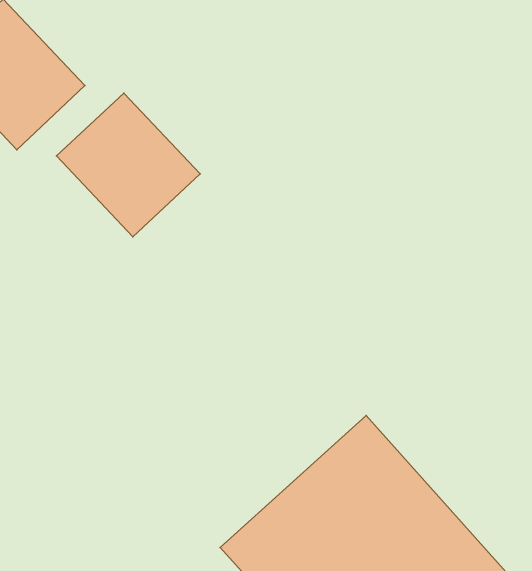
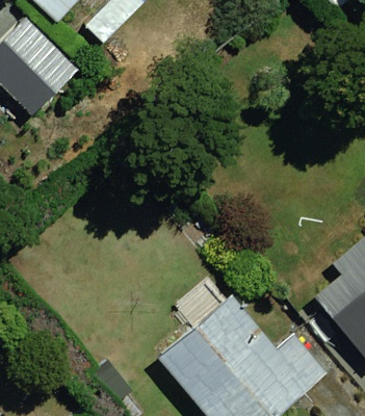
building: [57,93,200,237] -> none

